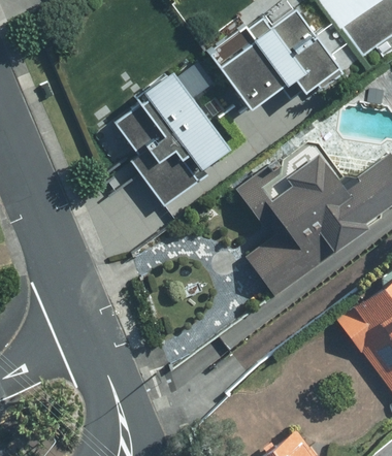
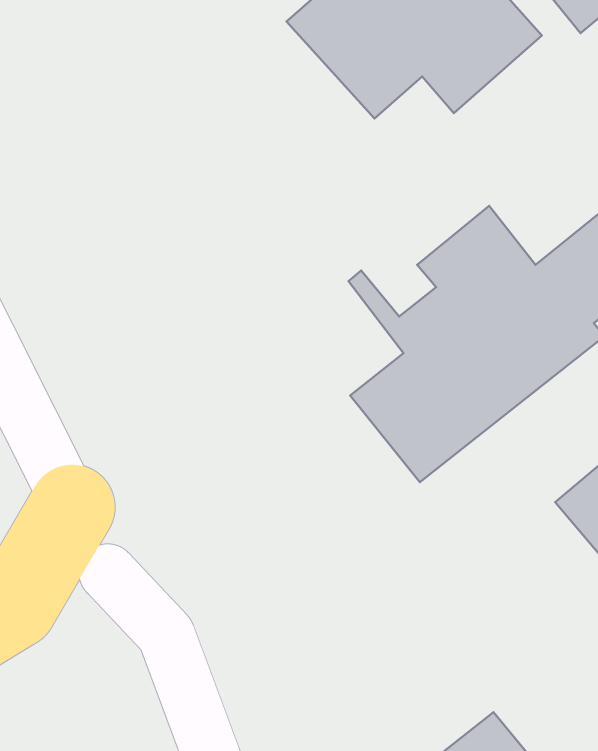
building: [109,67,232,199] -> none

